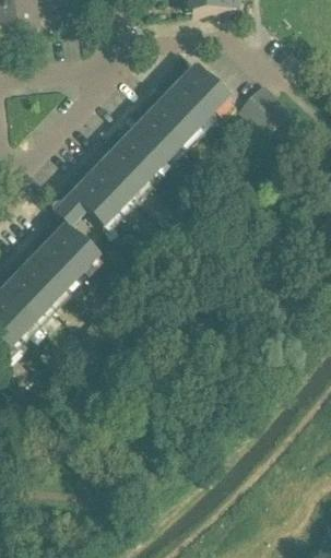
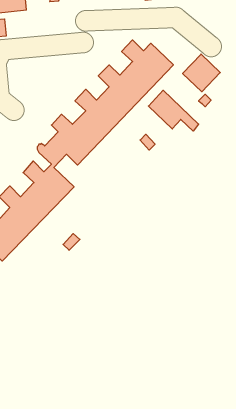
building: none -> [148,90,199,131]

